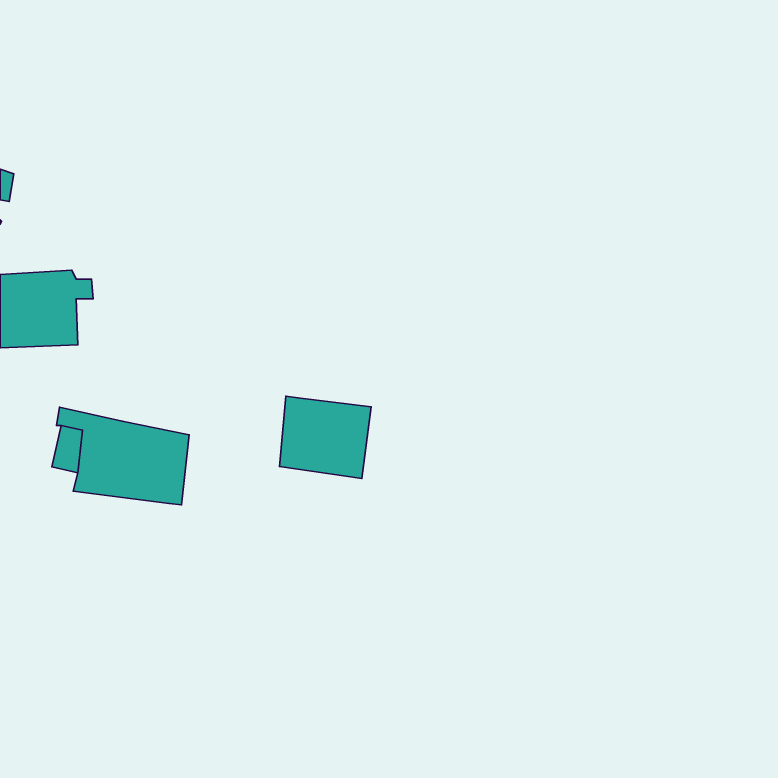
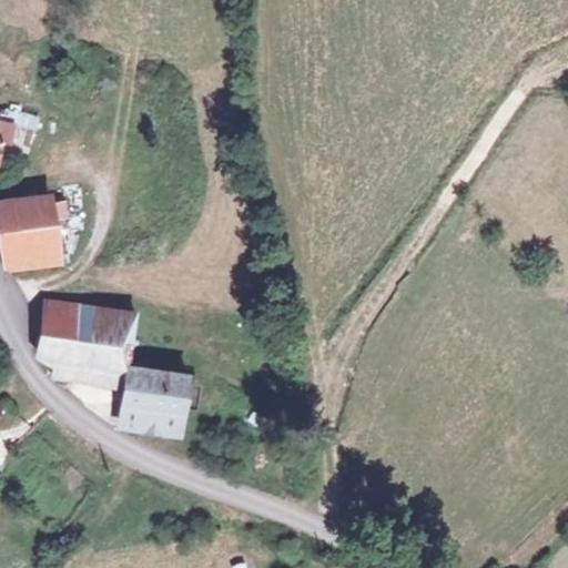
building: [280,396,371,479] -> [120,366,186,426]

